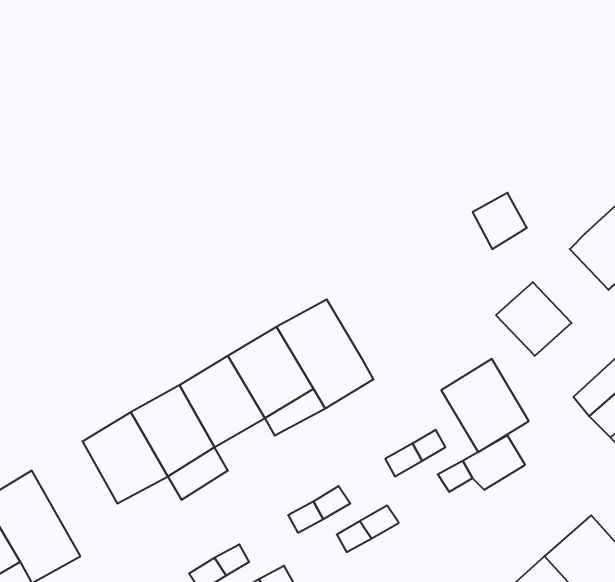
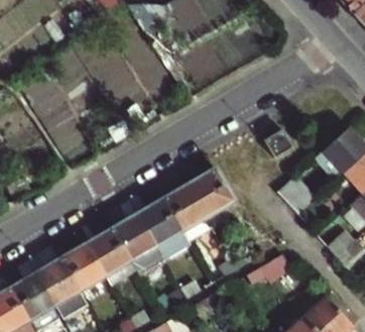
building: [441,359,529,452] -> [190,168,235,216]
building: none -> [36,257,89,318]

